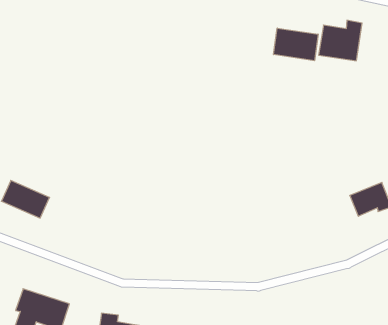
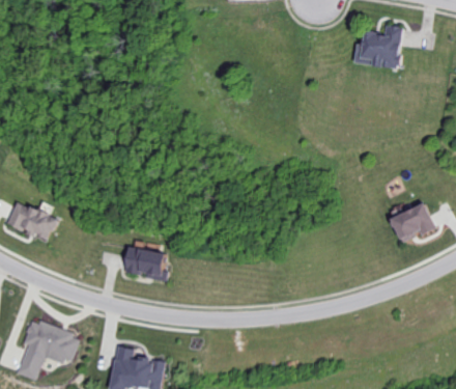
building: [274,28,318,61] -> none
building: none -> [123,247,168,282]

